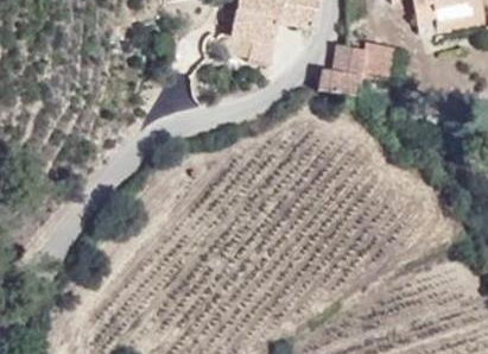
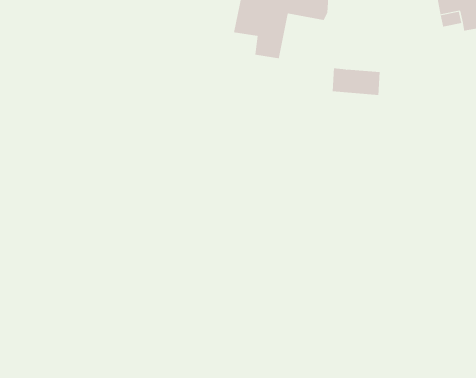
building: [330,34,393,77] -> none

